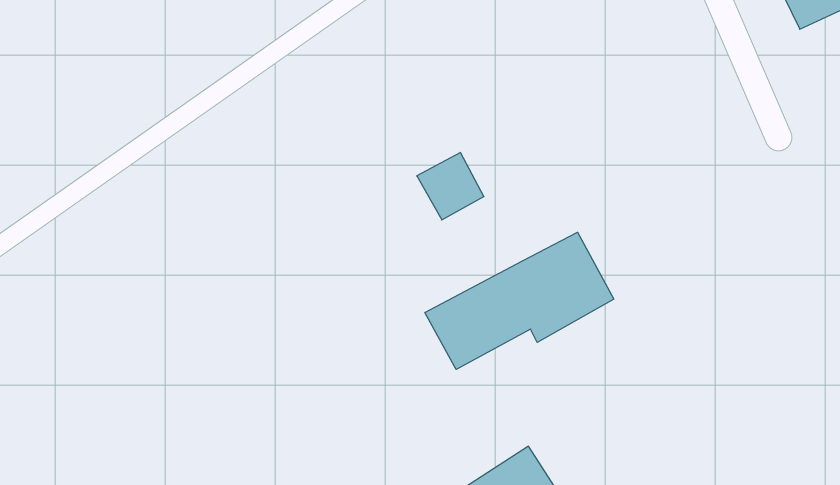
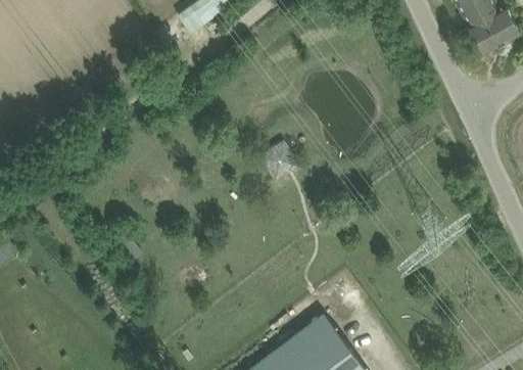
building: [425,232,614,369] -> none

